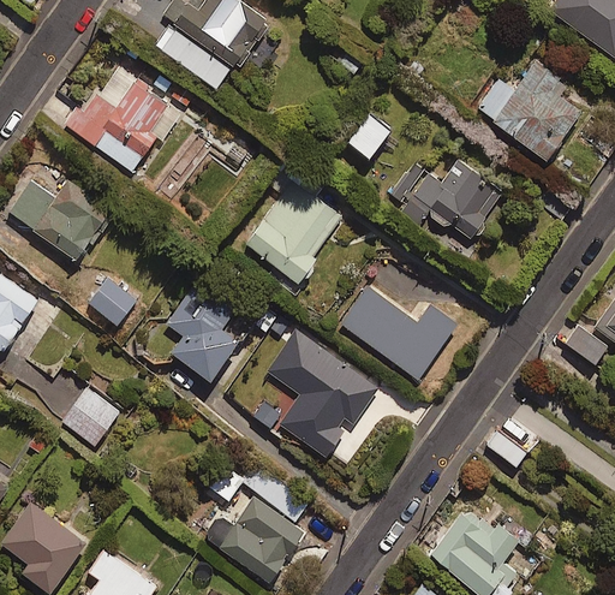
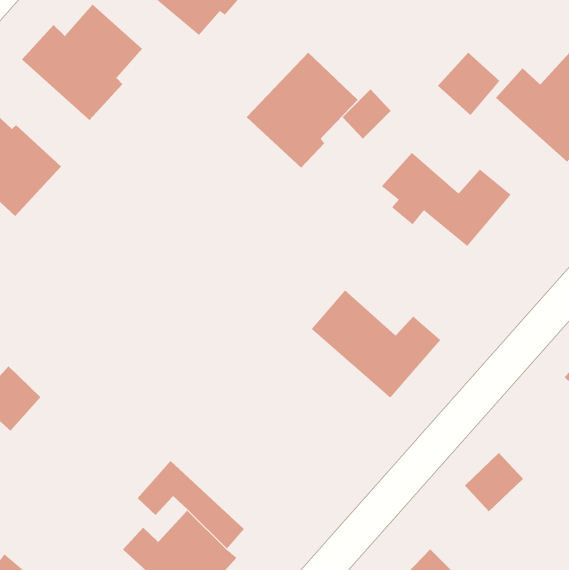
building: none -> [437,52,500,116]
building: [245,182,340,282] -> [246,52,358,168]
building: [88,279,136,326] -> none
building: [168,284,235,379] -> none
building: [263,331,377,457] -> none

